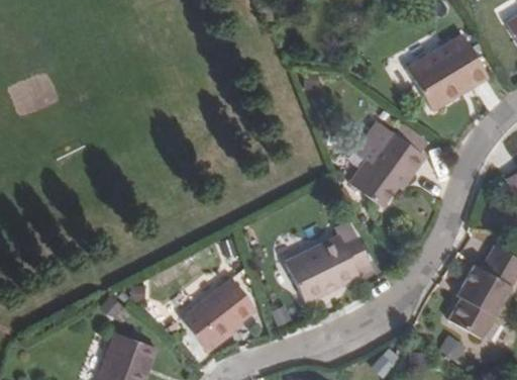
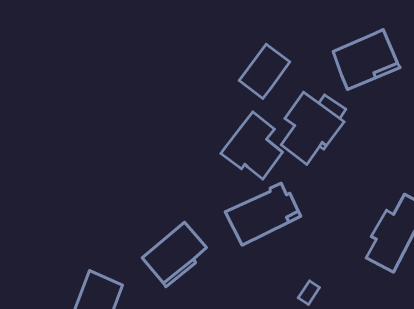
building: none -> [239,44,290,99]
building: none -> [221,112,282,179]

